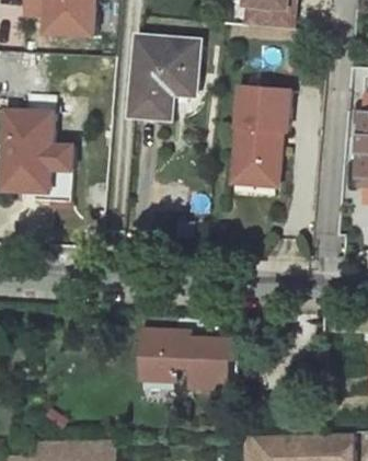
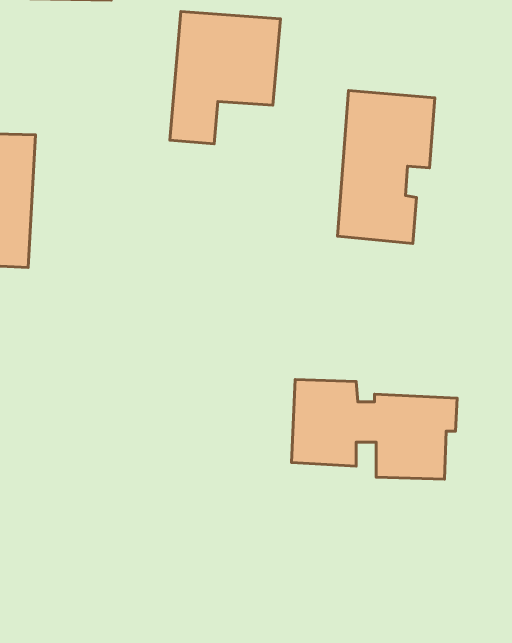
building: [138,329,237,388] -> [292,380,457,479]

